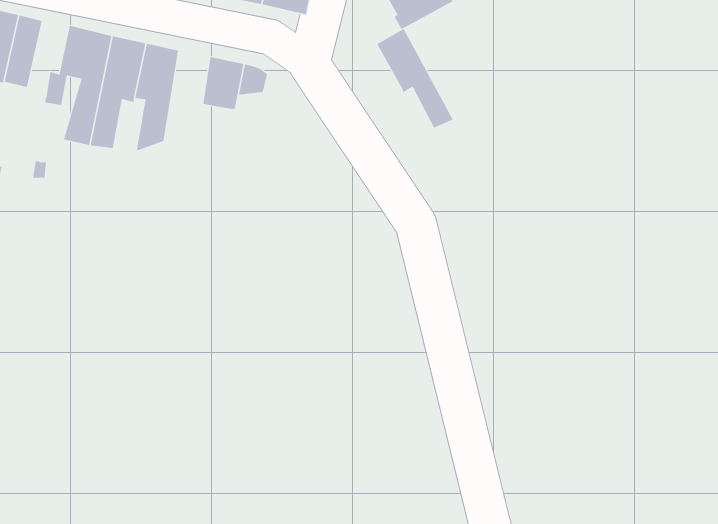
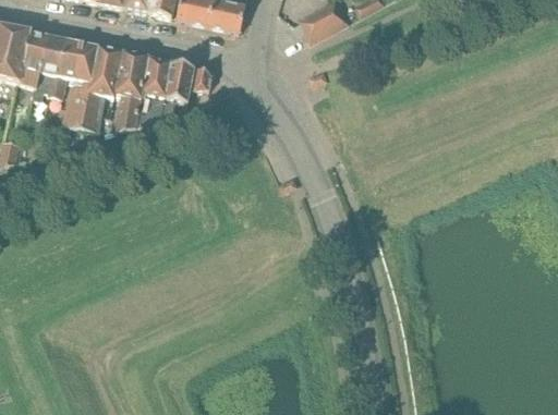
building: none -> [33,37,65,101]
building: [376,28,453,128] -> none
building: none -> [135,59,173,125]

